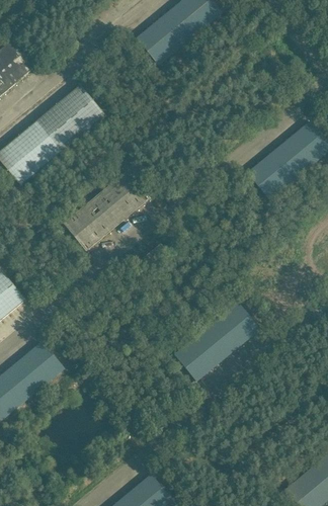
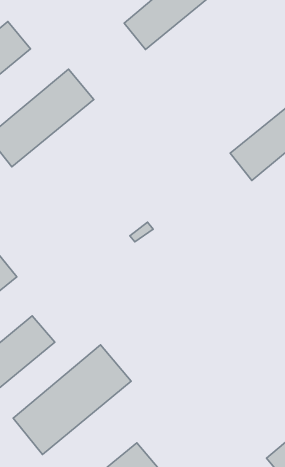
building: [64,171,150,251] -> none
building: [174,302,260,382] -> none
building: none -> [13,345,131,454]

